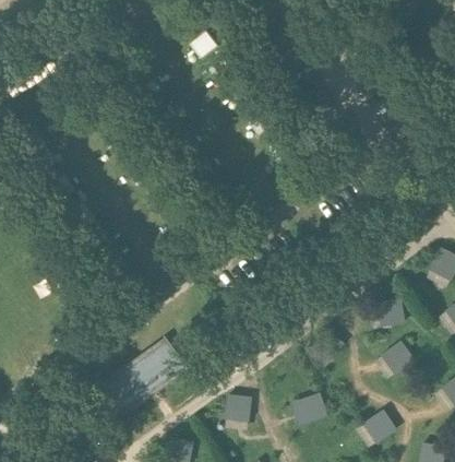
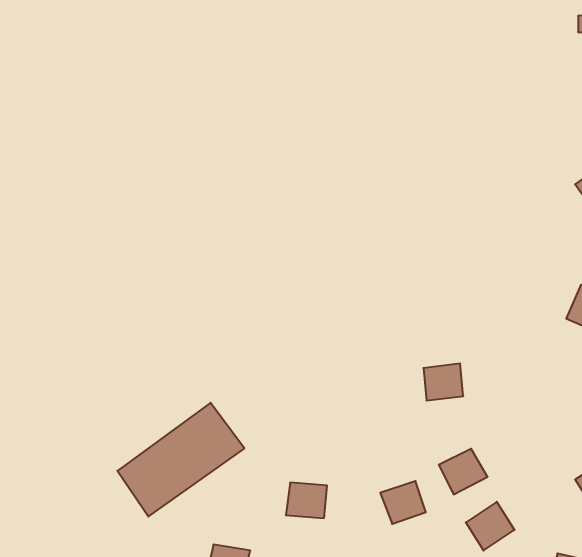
building: [374,300,404,328] -> [423,364,463,401]
building: [375,341,411,375] -> [439,449,488,494]

